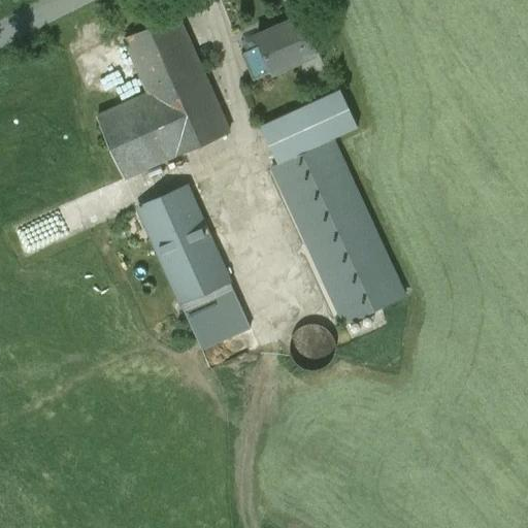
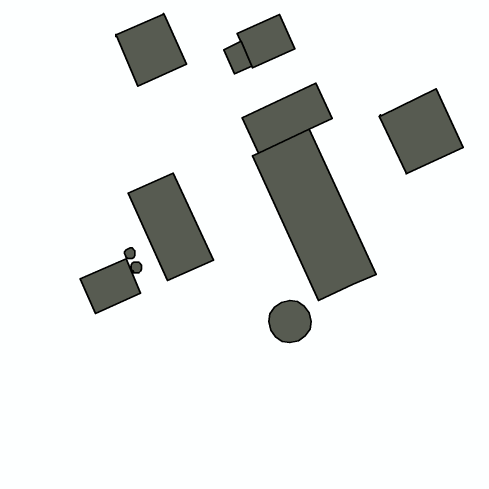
building: [97,69,229,179] -> none
building: none -> [379,89,463,174]
building: [180,280,245,339] -> [80,259,140,313]

